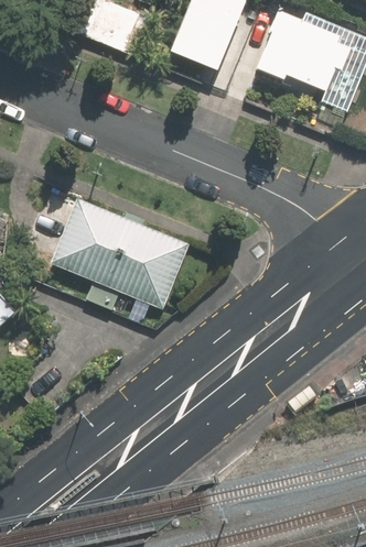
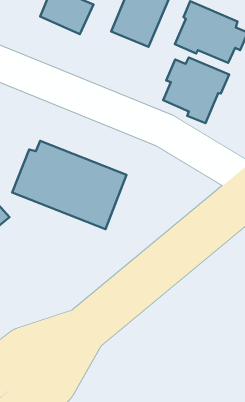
building: none -> [163,57,229,123]

